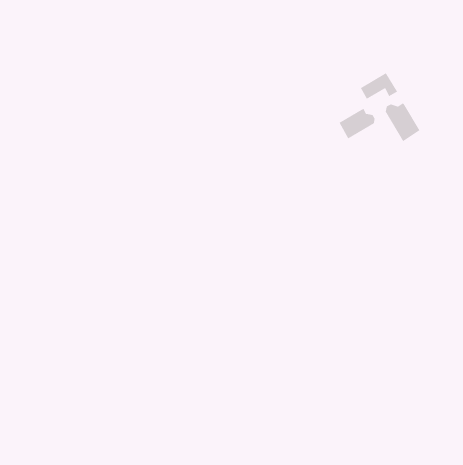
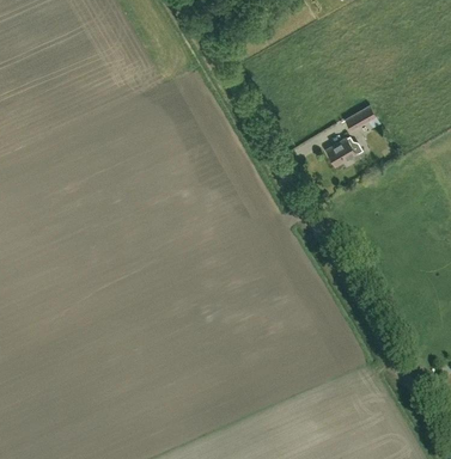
building: [385,102,421,142] -> none

